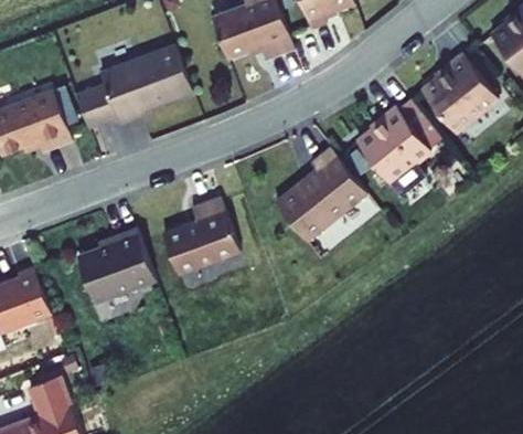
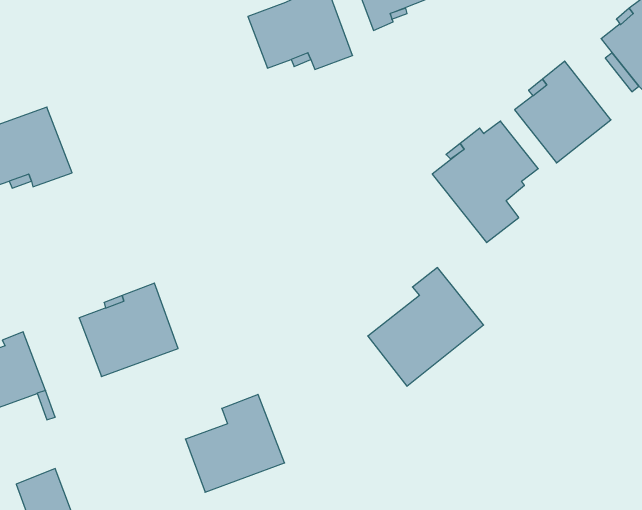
building: [75,46,192,128] -> none
building: [275,148,366,242] -> [368,268,484,386]
building: [162,198,241,275] -> [185,394,285,492]

